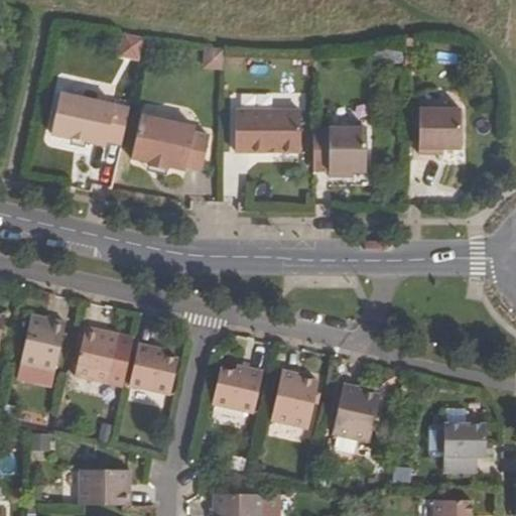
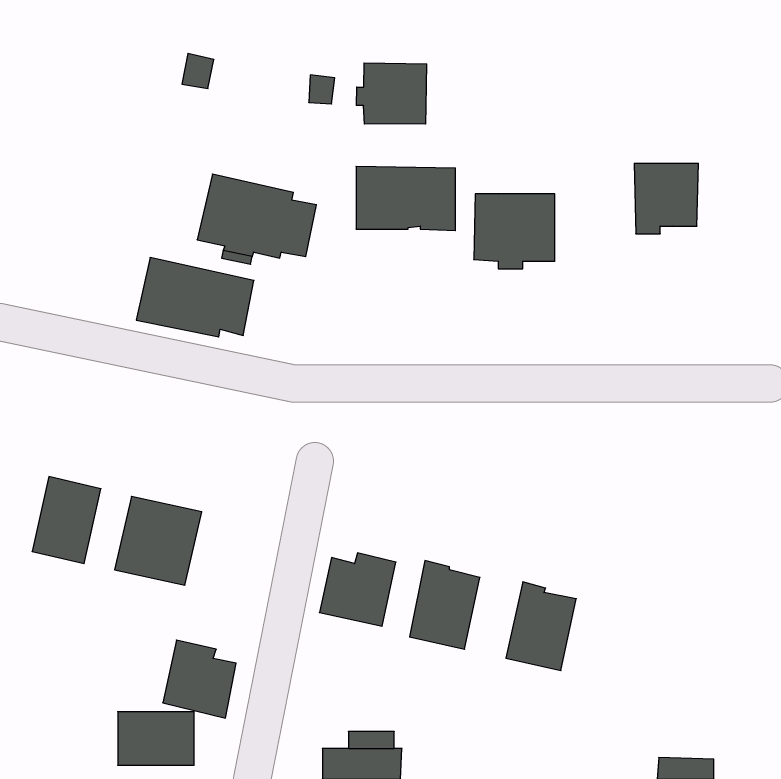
building: none -> [356,63,427,124]
building: [50,93,128,145] -> [136,258,254,337]
building: [129,344,177,395] -> [163,640,236,718]
building: [424,424,484,473] -> none

